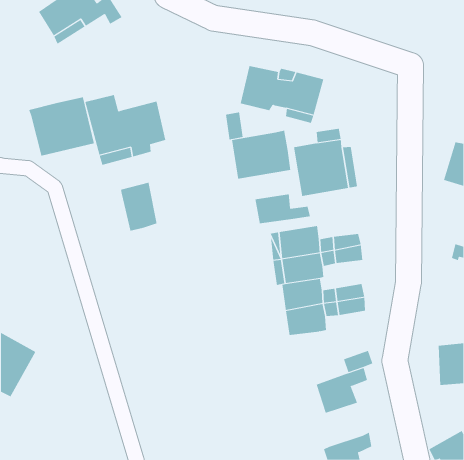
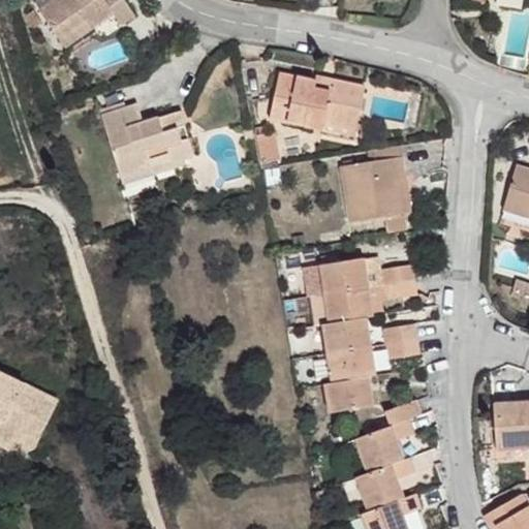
building: [29,97,95,157] -> none
building: [231,130,291,179] -> none
building: [120,182,157,232] -> none
building: [255,193,310,224] -> none
building: none -> [320,377,367,413]
building: none -> [363,456,421,507]

